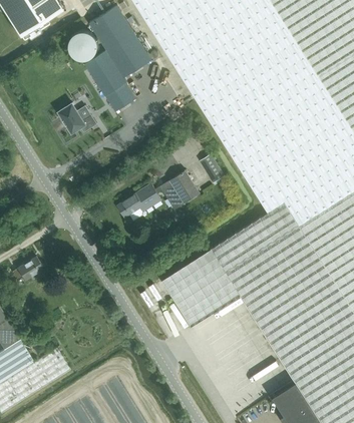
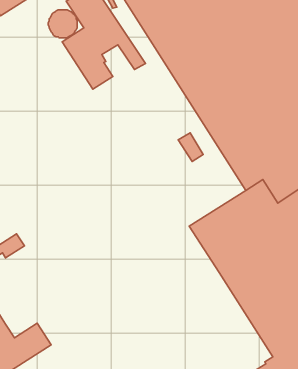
building: [59,103,97,132] -> none
building: [117,169,201,221] -> none
building: [162,248,241,325] -> none

